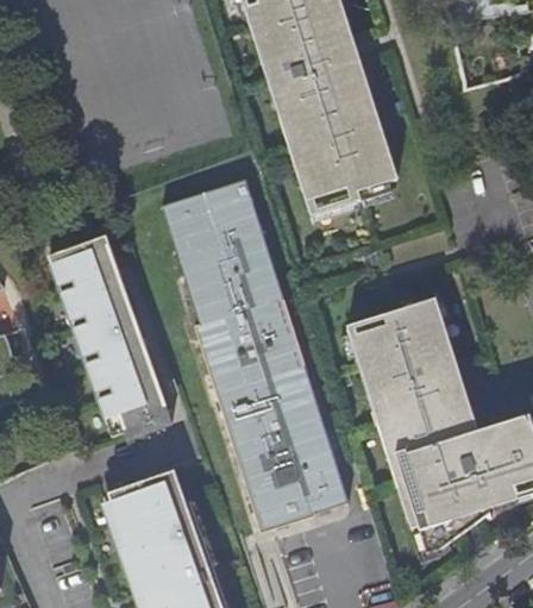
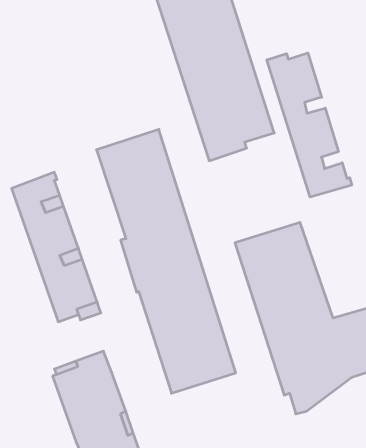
building: none -> [267,53,352,197]

